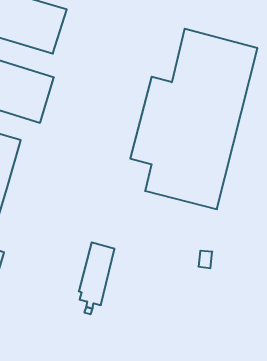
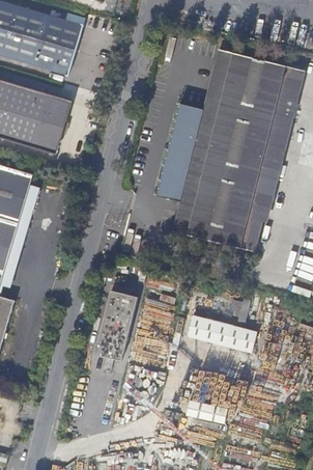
building: none -> [187,312,257,351]

